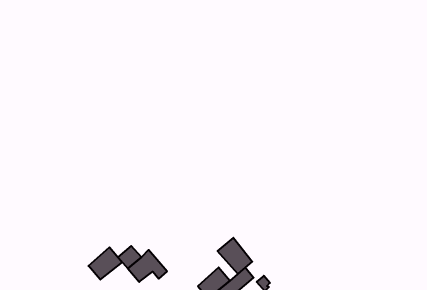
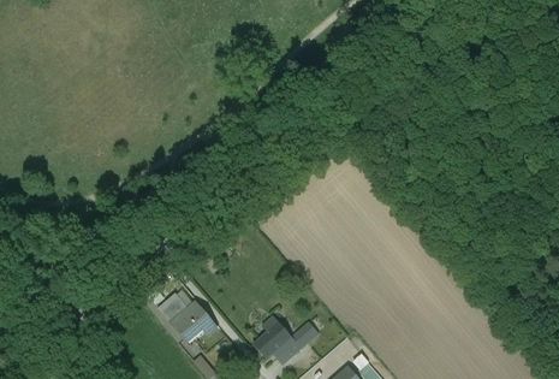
building: [218,238,252,274] -> none
building: [88,247,122,280] -> none

